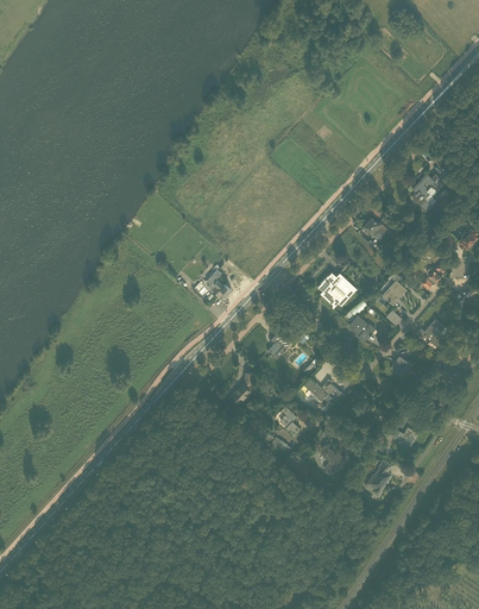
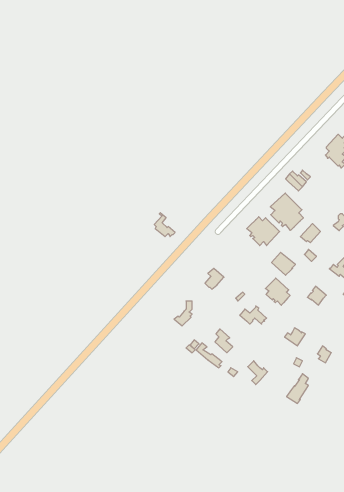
building: none -> [270,193,303,230]
building: none -> [265,278,290,305]

